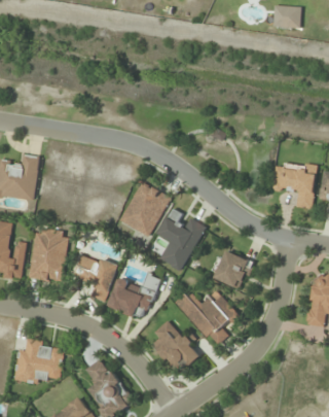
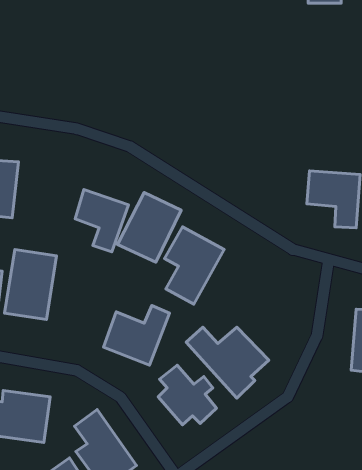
building: [212,248,253,289] -> none
building: [75,252,118,303] -> [75,190,128,252]

